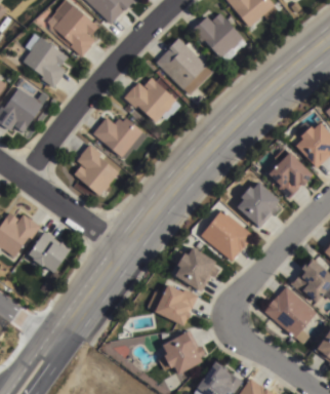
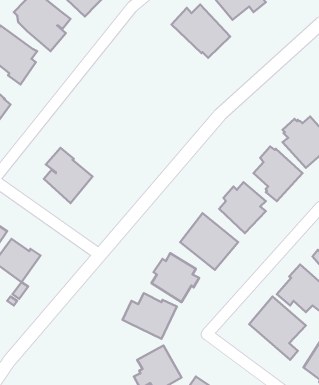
building: [156,39,210,95] -> none
building: [124,79,181,125] -> none
building: [92,118,145,160] -> none

